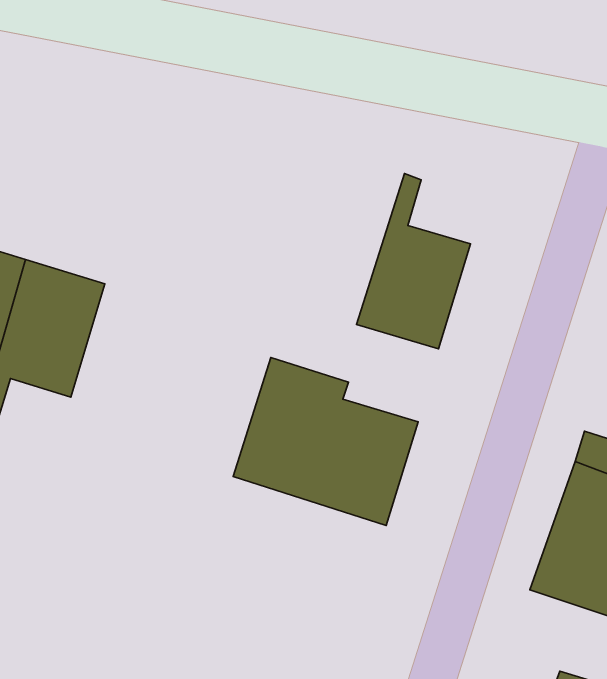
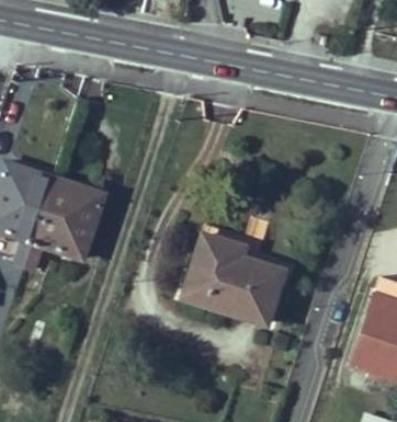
building: [356,173,470,349] -> none

